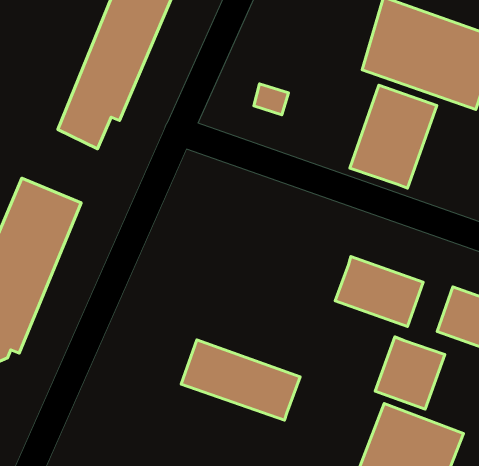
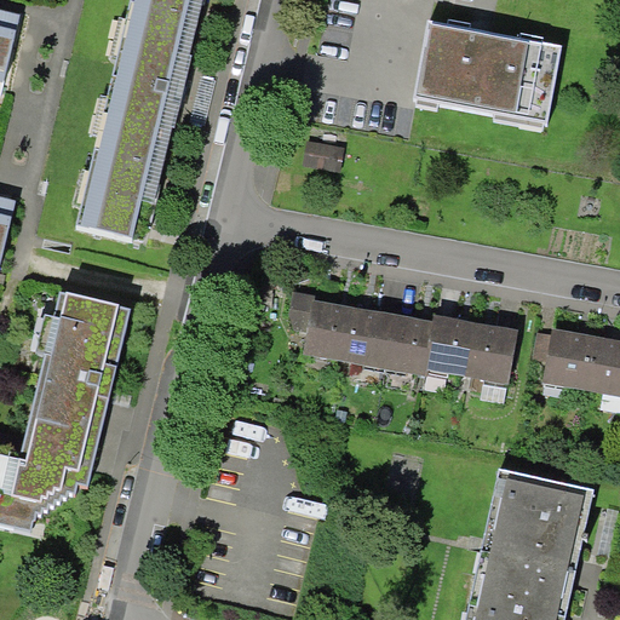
building: [350,85,437,188] -> none
building: [375,337,445,409] -> none
building: [181,340,300,420] -> [303,302,434,375]

